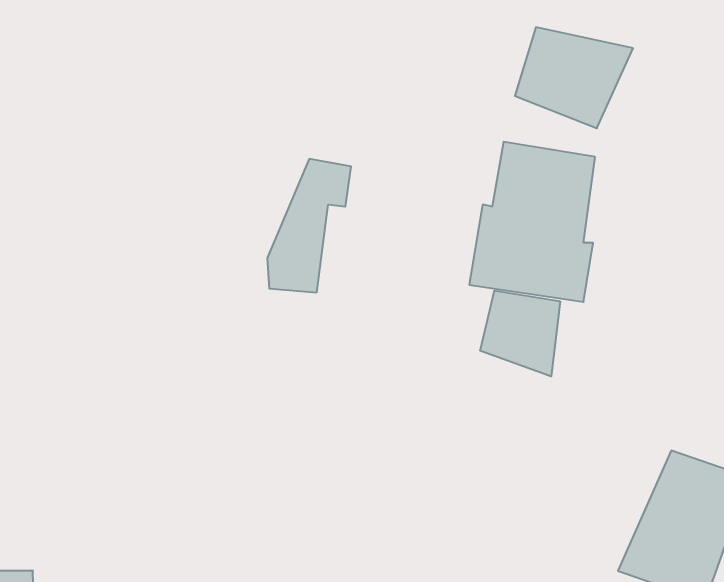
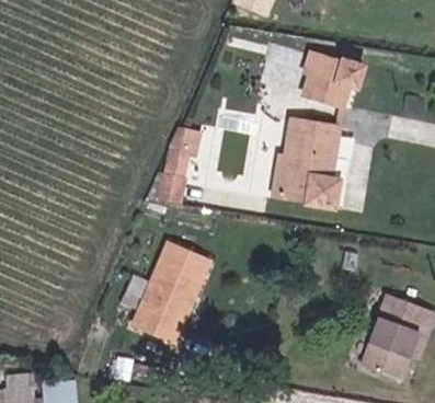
building: [480,291,560,376] -> none
building: none -> [131,242,214,346]

